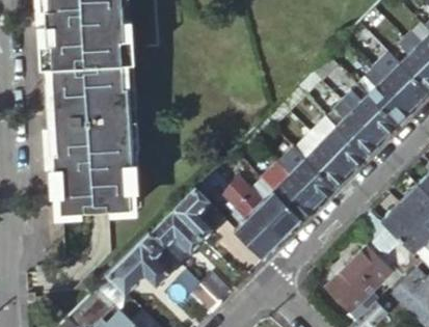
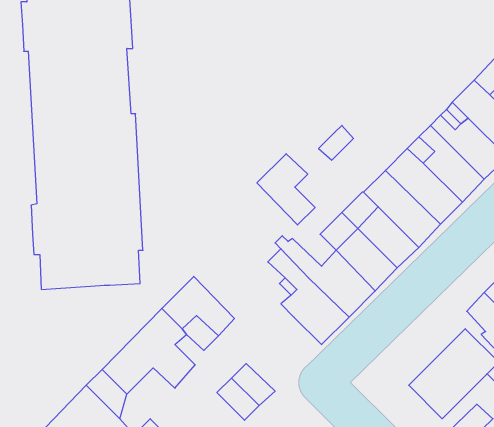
building: [172,188,214,239] -> [257,154,315,225]

